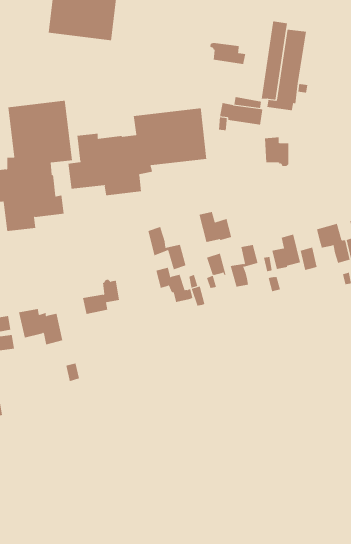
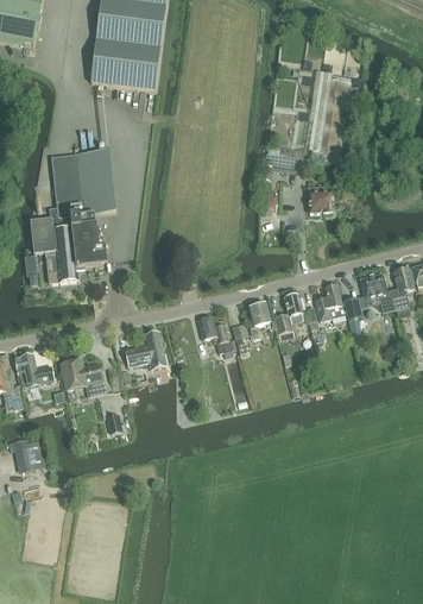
building: [210,42,246,65] -> none
building: [68,108,207,196] -> none
building: [199,211,232,243] -> none
building: [148,226,186,270] -> none

